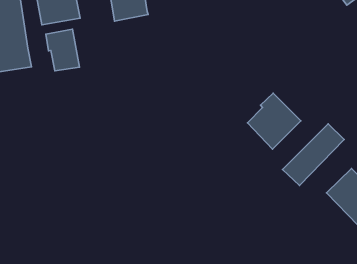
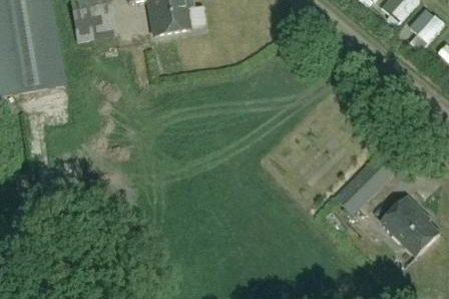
building: [46,29,80,71] -> none
building: [248,93,301,149] -> none

